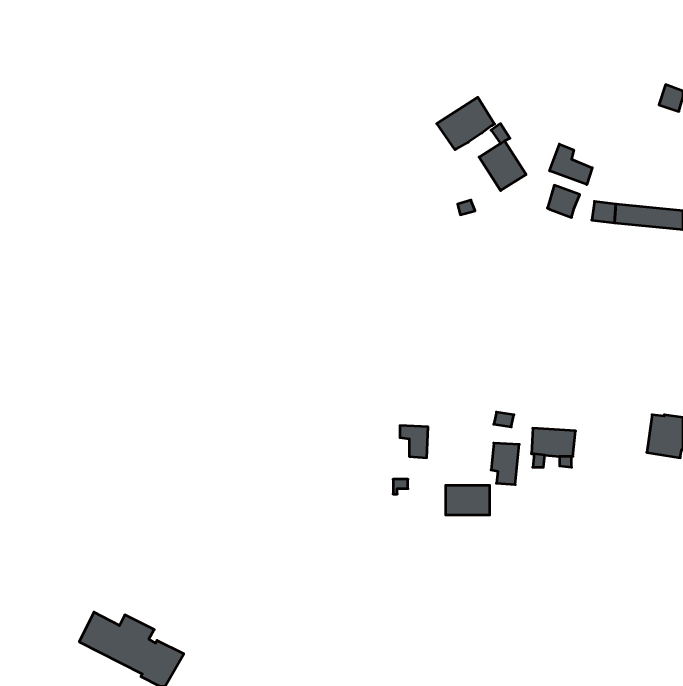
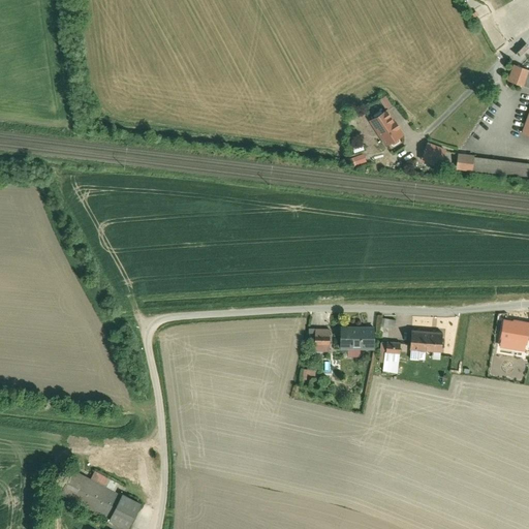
building: [437,97,495,150] -> none
building: [550,144,592,185] -> none
building: [446,485,490,515] -> [340,328,374,350]

